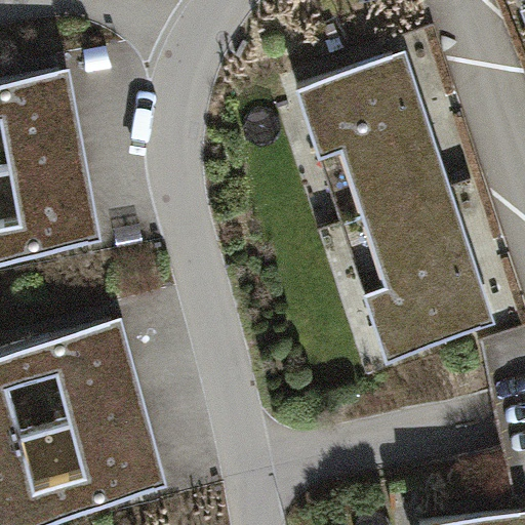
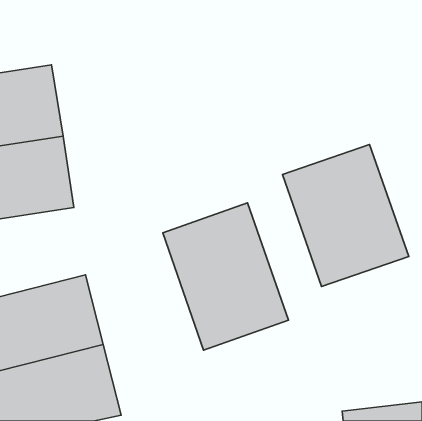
building: [301,39,456,215] -> none
building: none -> [163,203,288,350]

